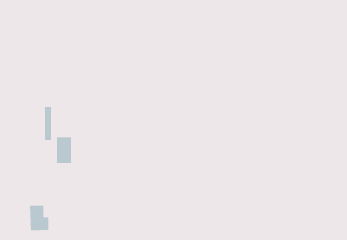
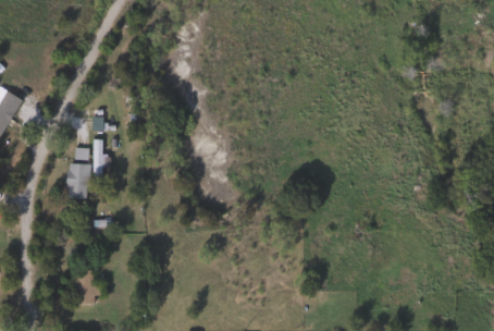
building: [56,137,72,163] -> [69,163,89,198]

